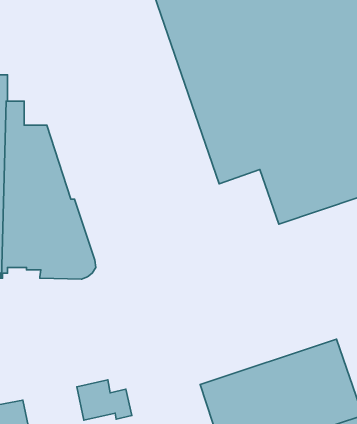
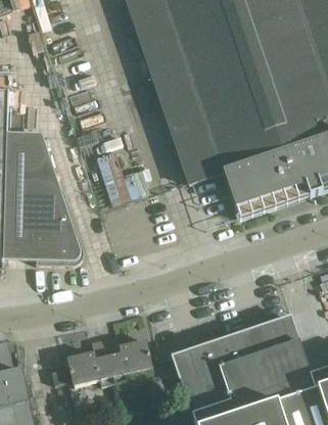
building: none -> [109,339,152,382]

